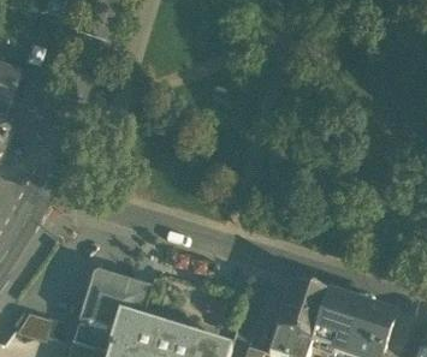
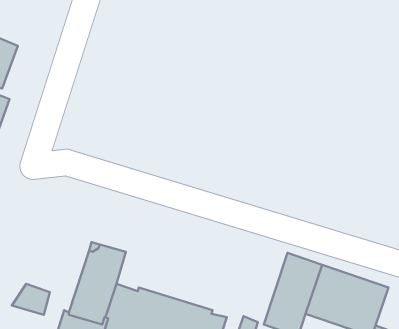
building: [120,276,152,316] -> none

